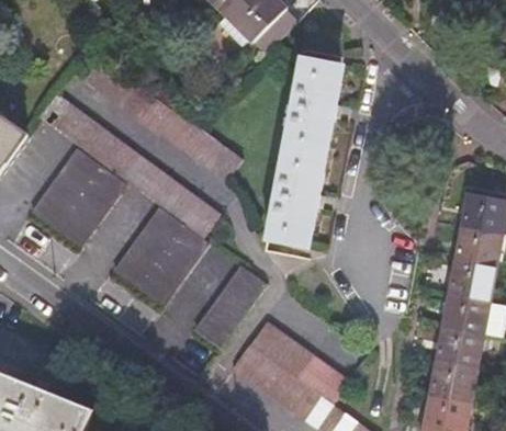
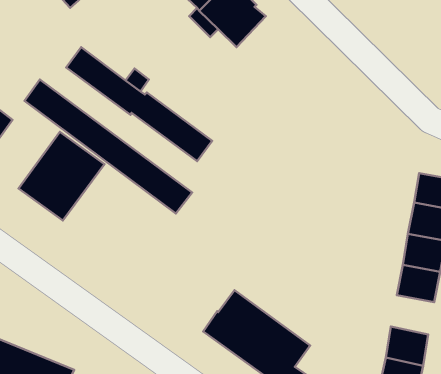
building: [268,56,341,246] -> none
building: [112,207,206,305] -> none
building: [194,266,263,347] -> none
building: [436,327,483,370] -> none

